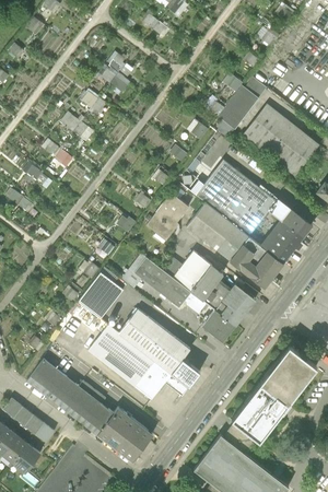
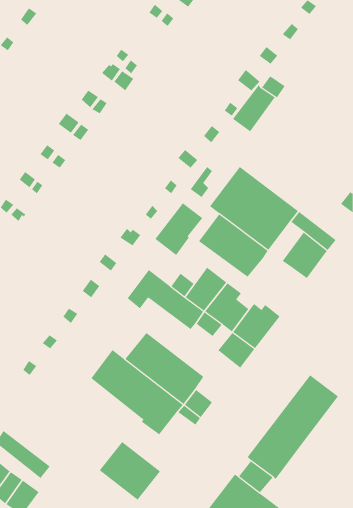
building: [243,105,318,176] -> none
building: [232,243,285,286] -> none
building: [82,281,115,316] -> none
building: [27,359,114,434] -> none

